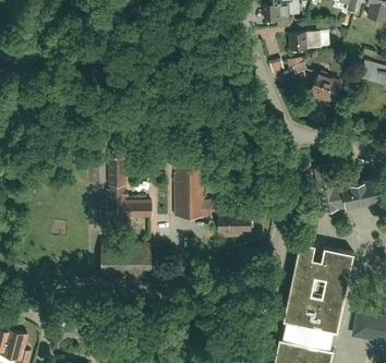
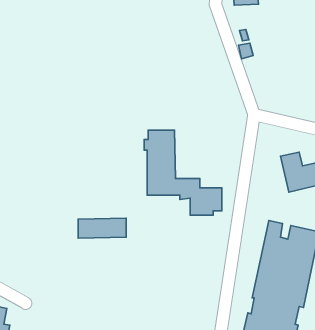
building: [290,32,321,50] -> none
building: [310,72,342,104] -> none
building: [108,153,153,217] -> none

